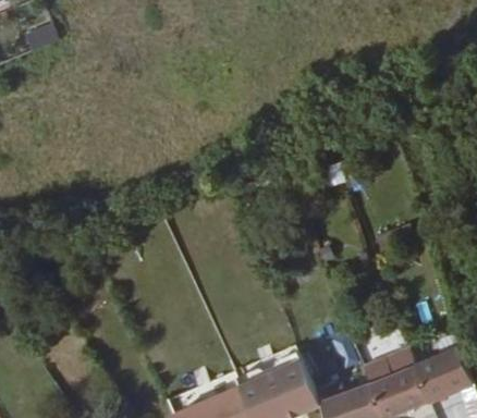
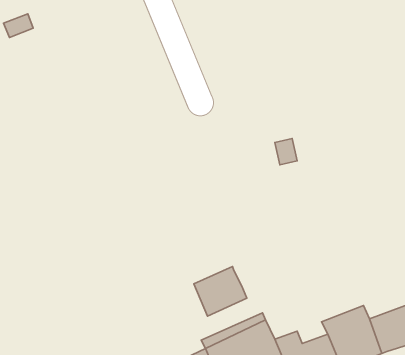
building: none -> [194,267,247,316]

